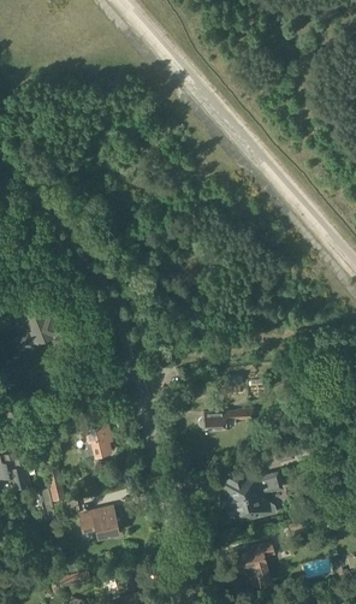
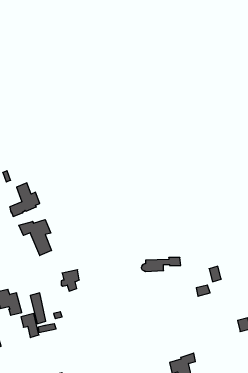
building: none -> [19,220,51,256]
building: [222,474,283,517] -> none
building: [81,509,123,537] -> none

